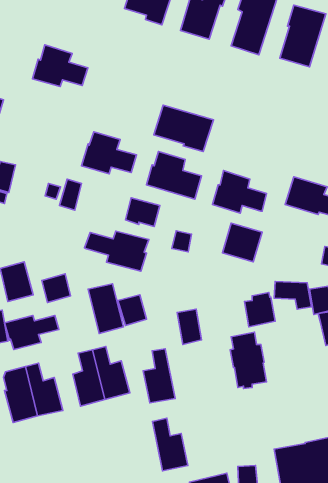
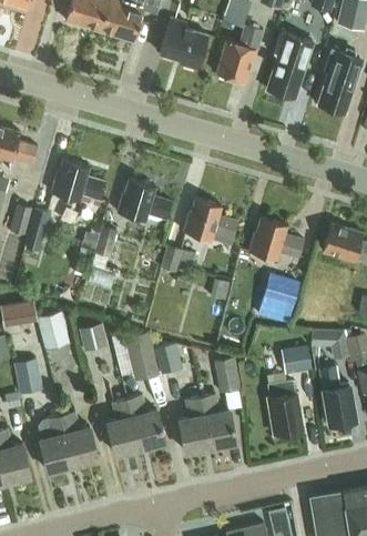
building: [33,45,88,87] -> [50,159,105,201]
building: [154,105,214,152] -> none
building: [84,231,149,271] -> none
building: [5,316,59,350] -> none
building: none -> [318,367,356,425]
building: [152,418,188,471] -> [201,394,236,447]

